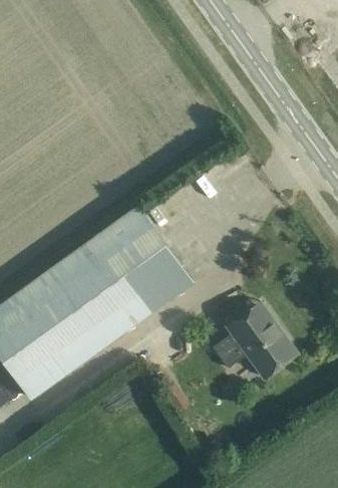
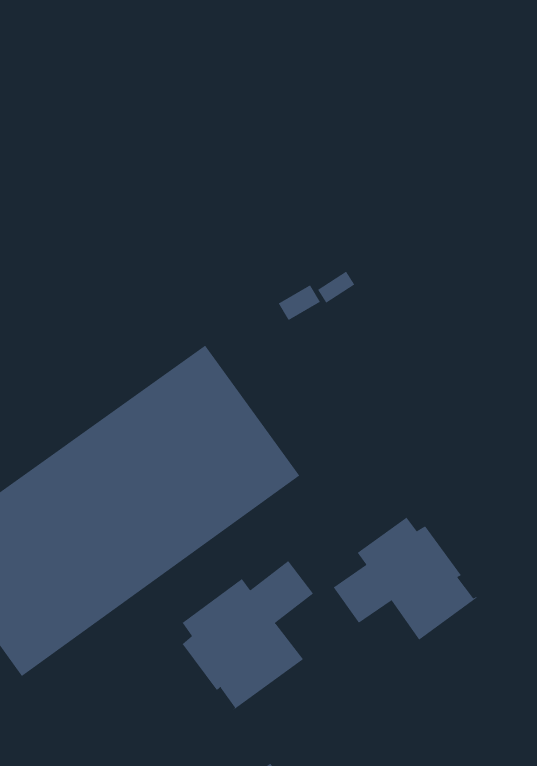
building: none -> [182,560,314,711]

